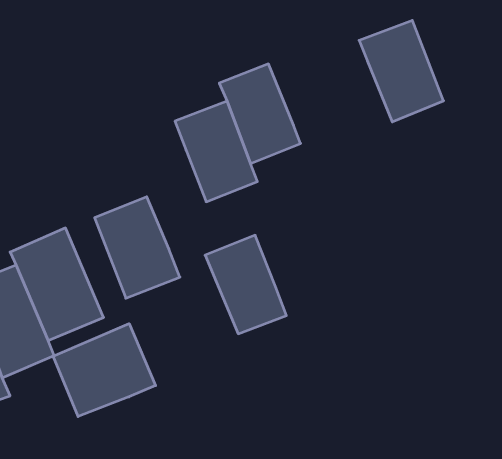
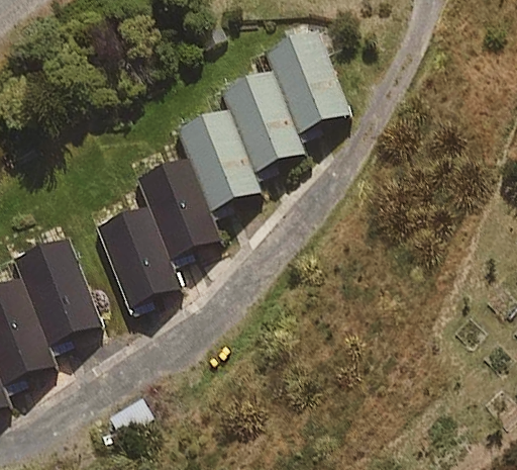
building: [359,20,444,122] -> [263,29,347,131]
building: [205,235,286,334] -> [137,157,219,256]
building: [53,324,156,417] -> none

